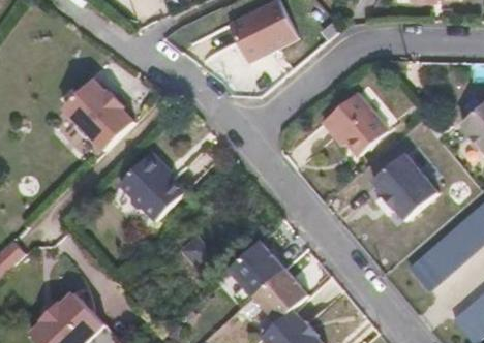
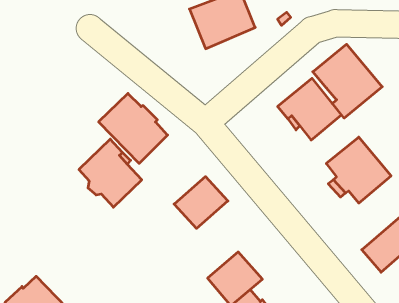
building: none -> [313,44,382,118]
building: [63,80,133,151] -> [99,93,168,163]
building: [226,244,281,297] -> [174,177,228,228]

